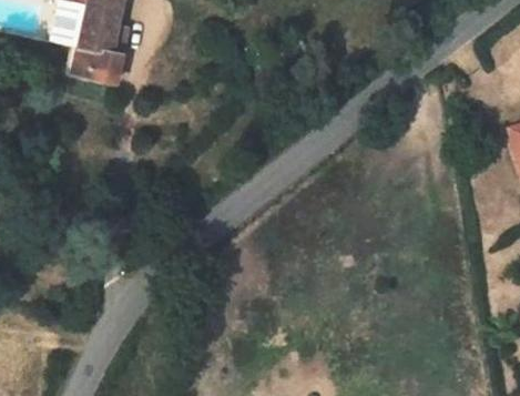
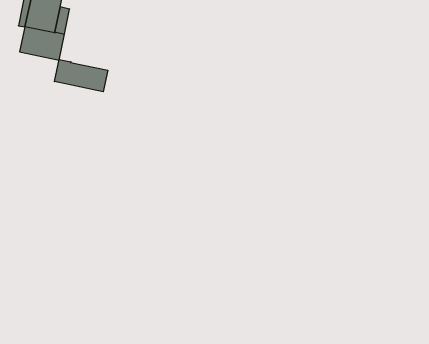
building: none -> [54,59,108,92]

